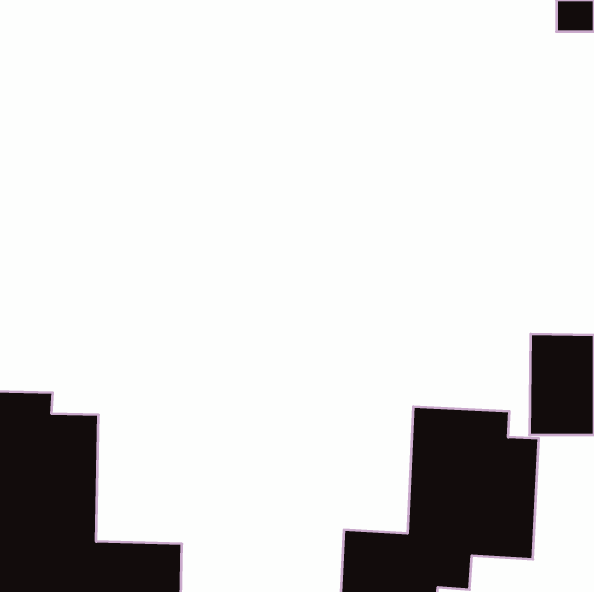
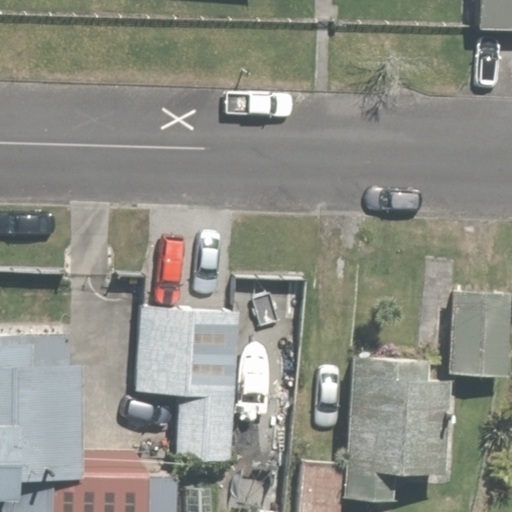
building: none -> [134,304,242,462]

